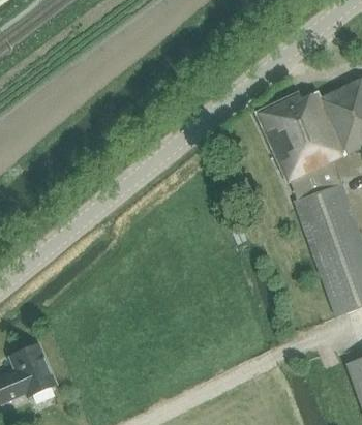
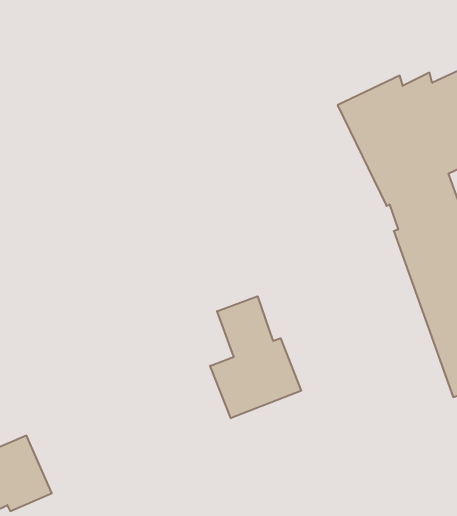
building: none -> [210,296,301,418]

